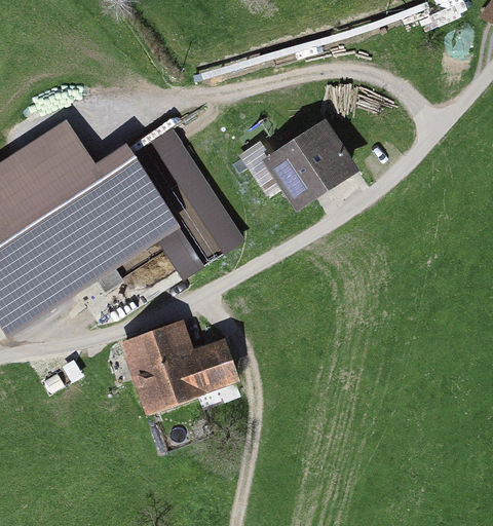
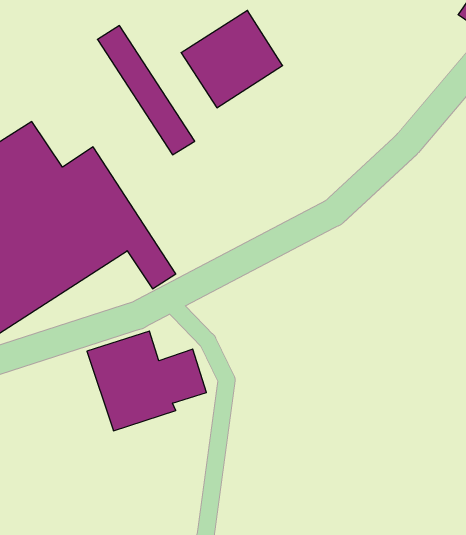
building: [262,118,361,213] -> [181,10,283,108]
building: [151,127,245,253] -> [97,26,195,155]

